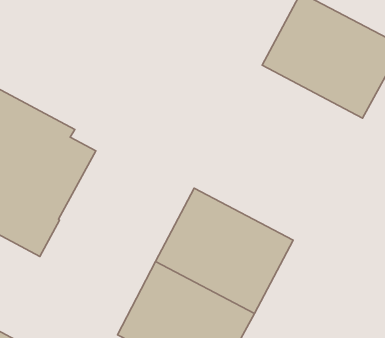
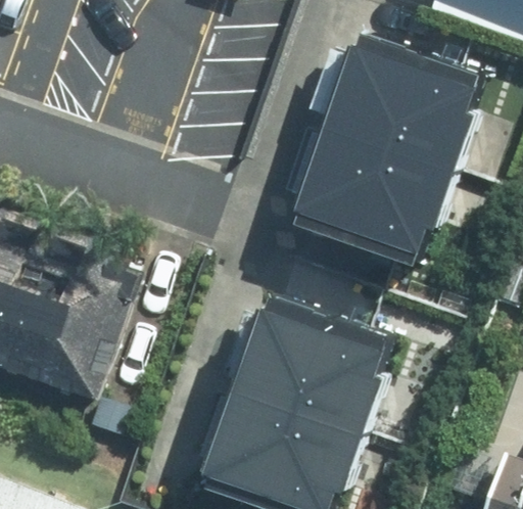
building: none -> [289,135,451,273]

